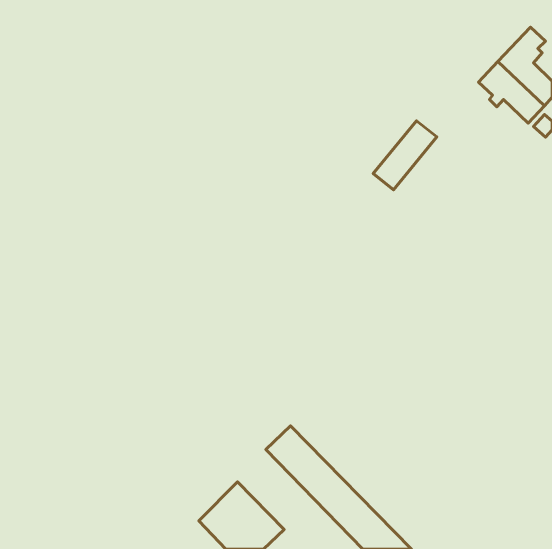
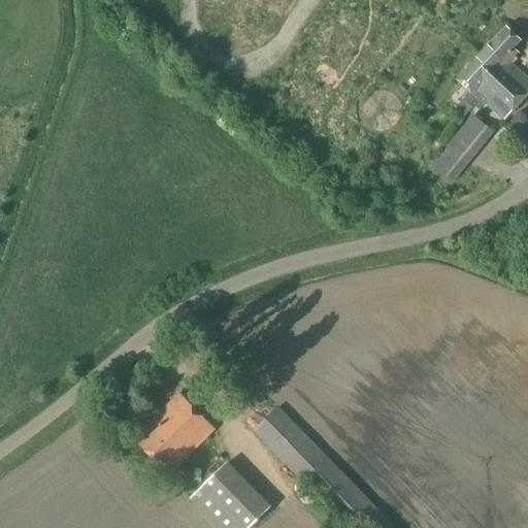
building: [373,121,437,190] -> [432,114,493,180]
building: none -> [133,392,214,473]

